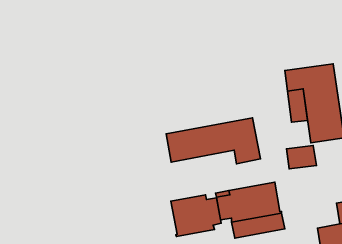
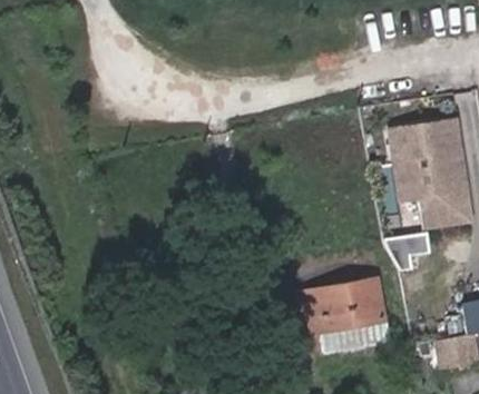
building: [166,118,261,164] -> none
building: [171,195,221,236] -> none

